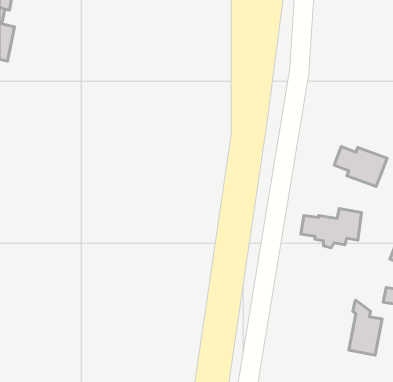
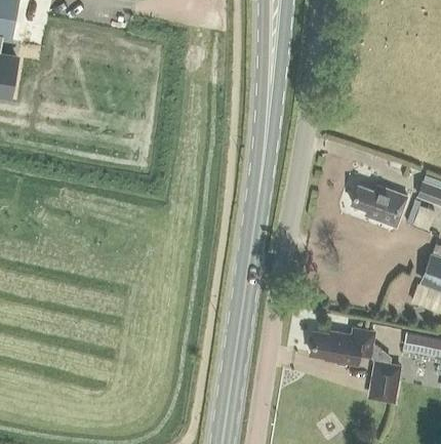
building: [301,209,362,248] -> [312,326,375,367]

